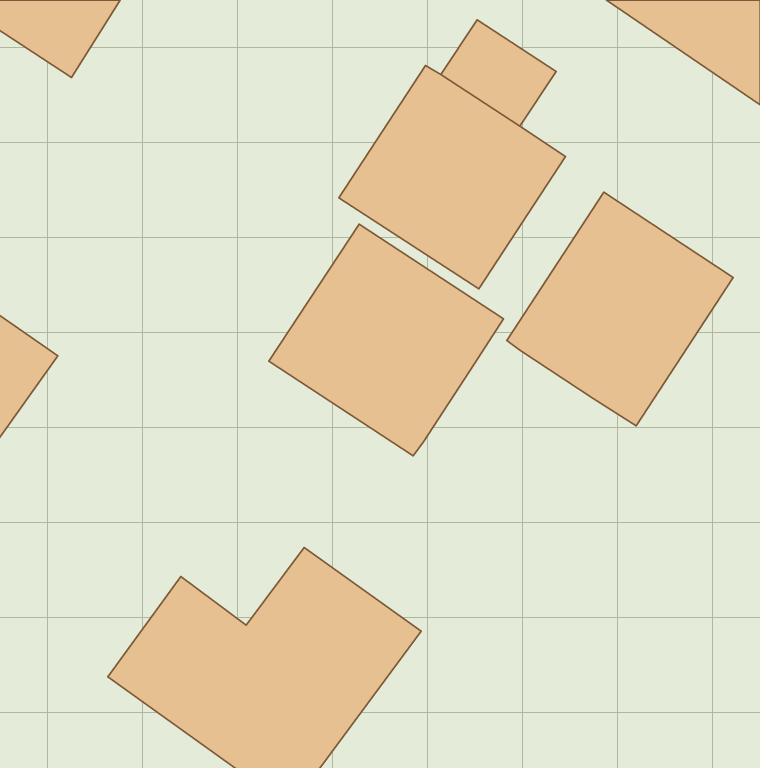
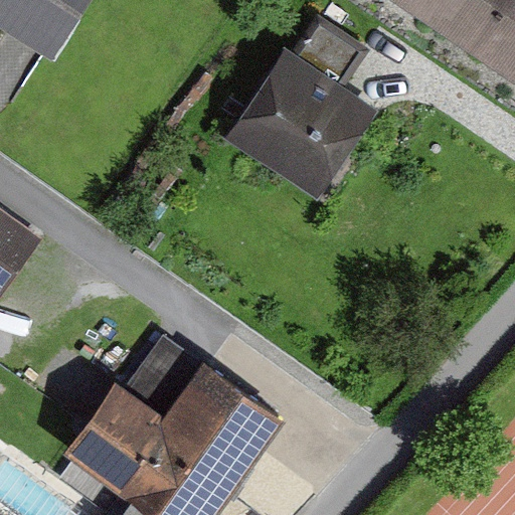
building: [507,192,733,426] -> none
building: [269,224,503,456] -> none

